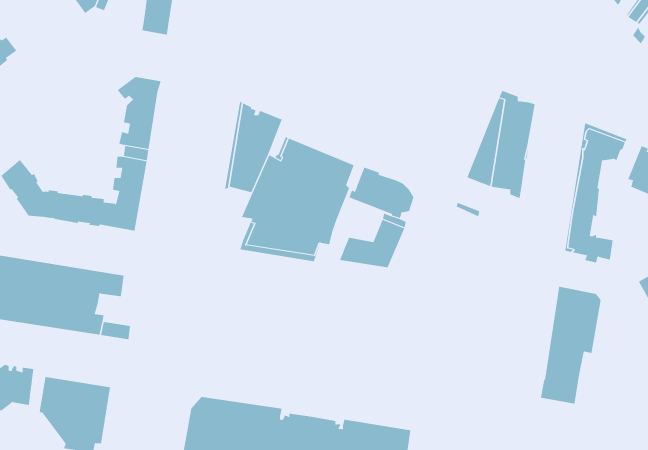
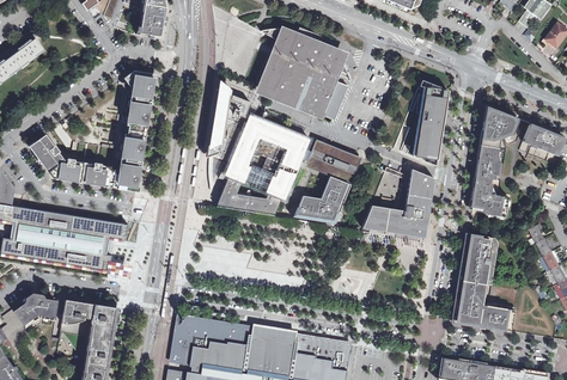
building: none -> [261,29,350,121]
building: none -> [364,168,435,237]
building: none -> [480,302,517,330]

